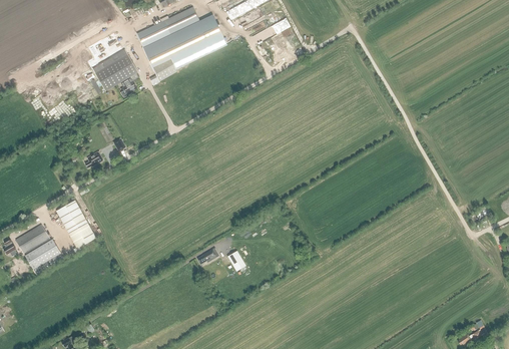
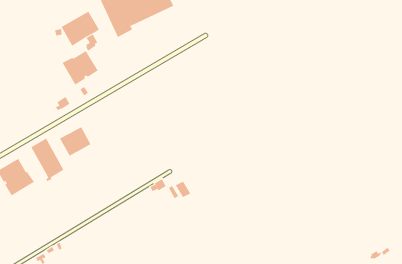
building: none -> [62,50,98,85]
building: none -> [59,127,91,156]

